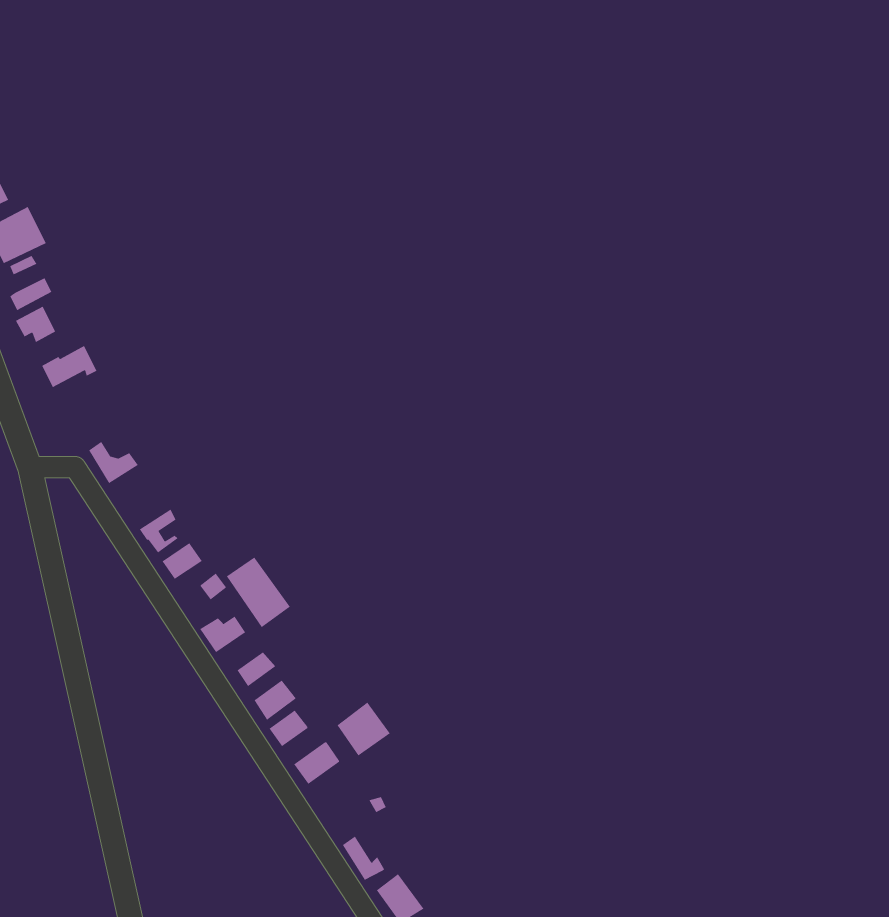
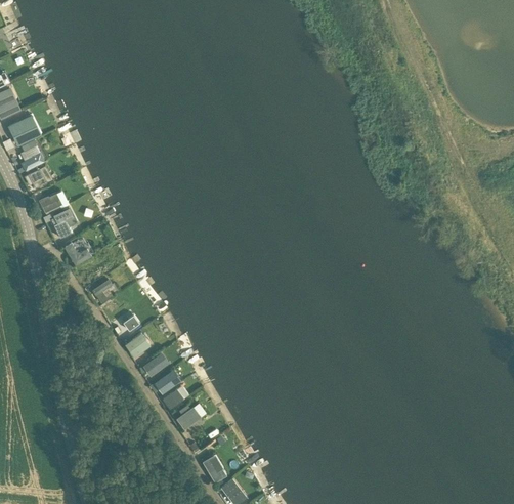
building: none -> [42,207,78,238]
building: [226,557,291,628] -> none
building: [336,701,391,756] -> none

